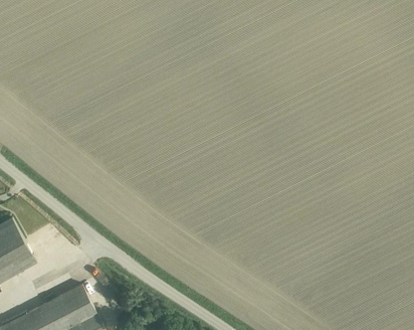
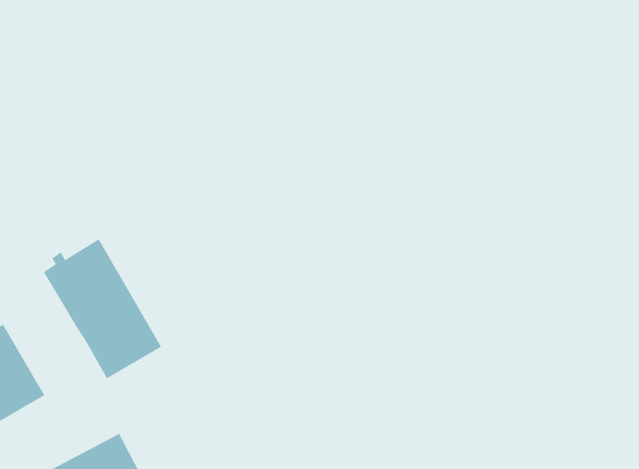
building: none -> [43,239,162,379]

